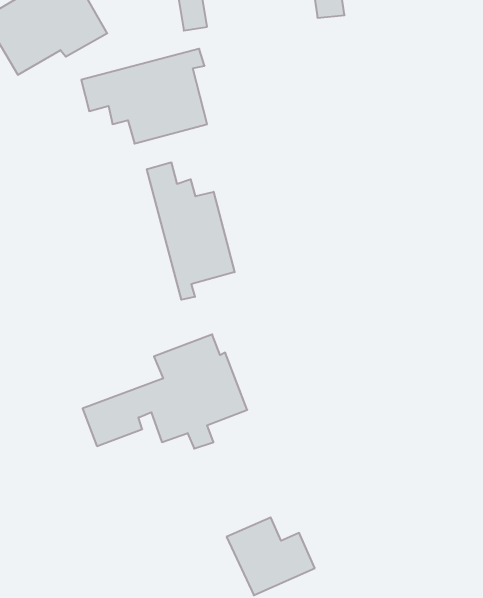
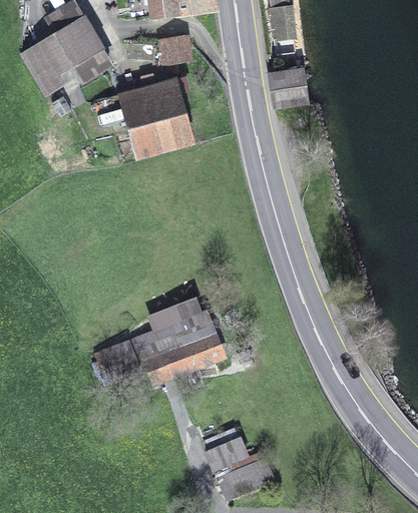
building: none -> [272,70,308,104]
building: [147,162,235,300] -> none

